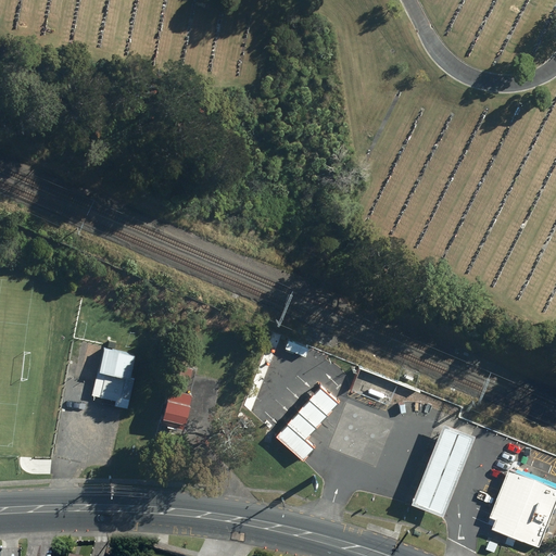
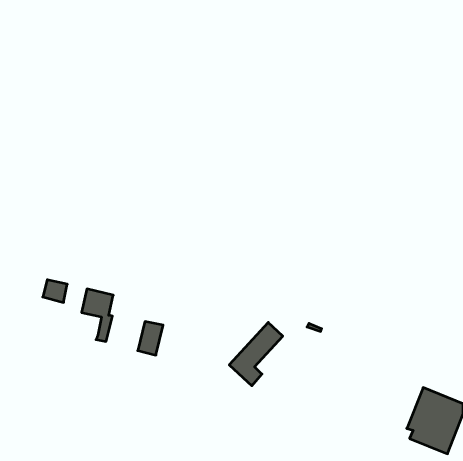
building: [92,377,122,404] -> [43,280,67,302]
building: [415,425,470,508] -> none

